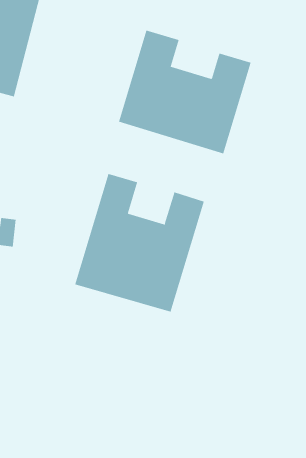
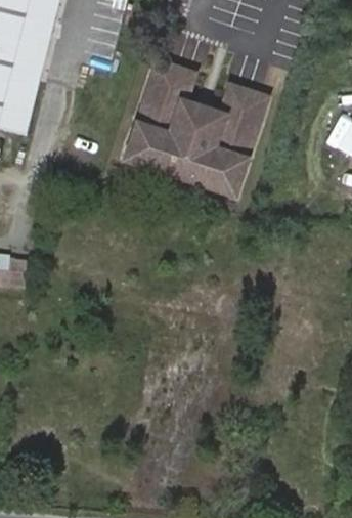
building: [75,173,204,313] -> none

